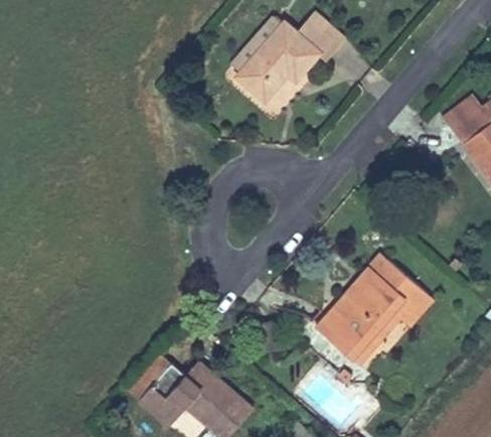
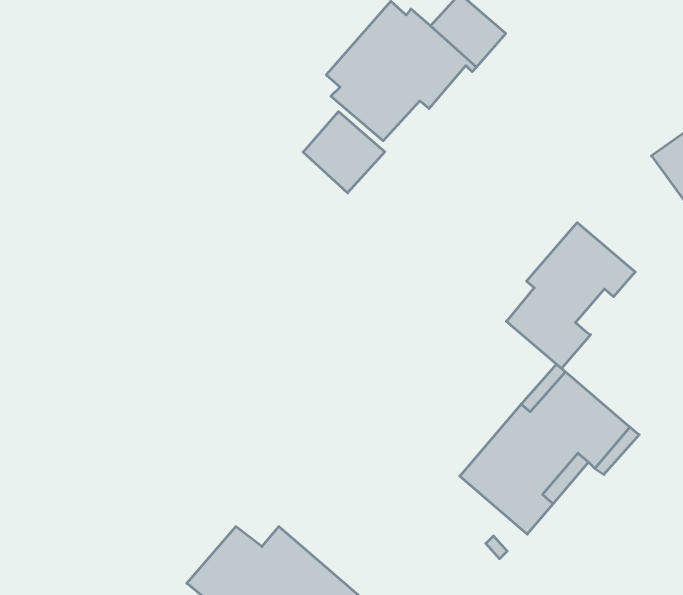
building: none -> [303,112,385,193]
building: none -> [506,223,635,368]

